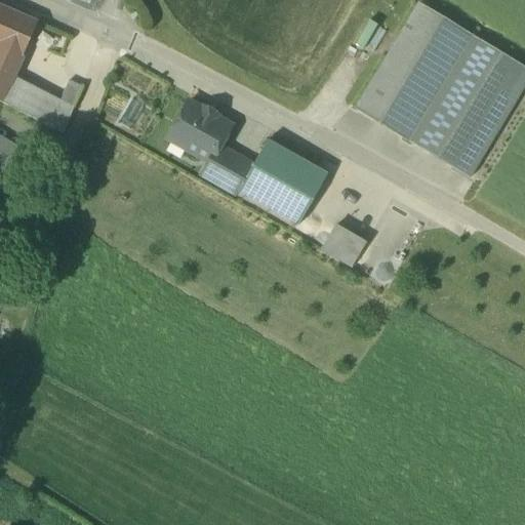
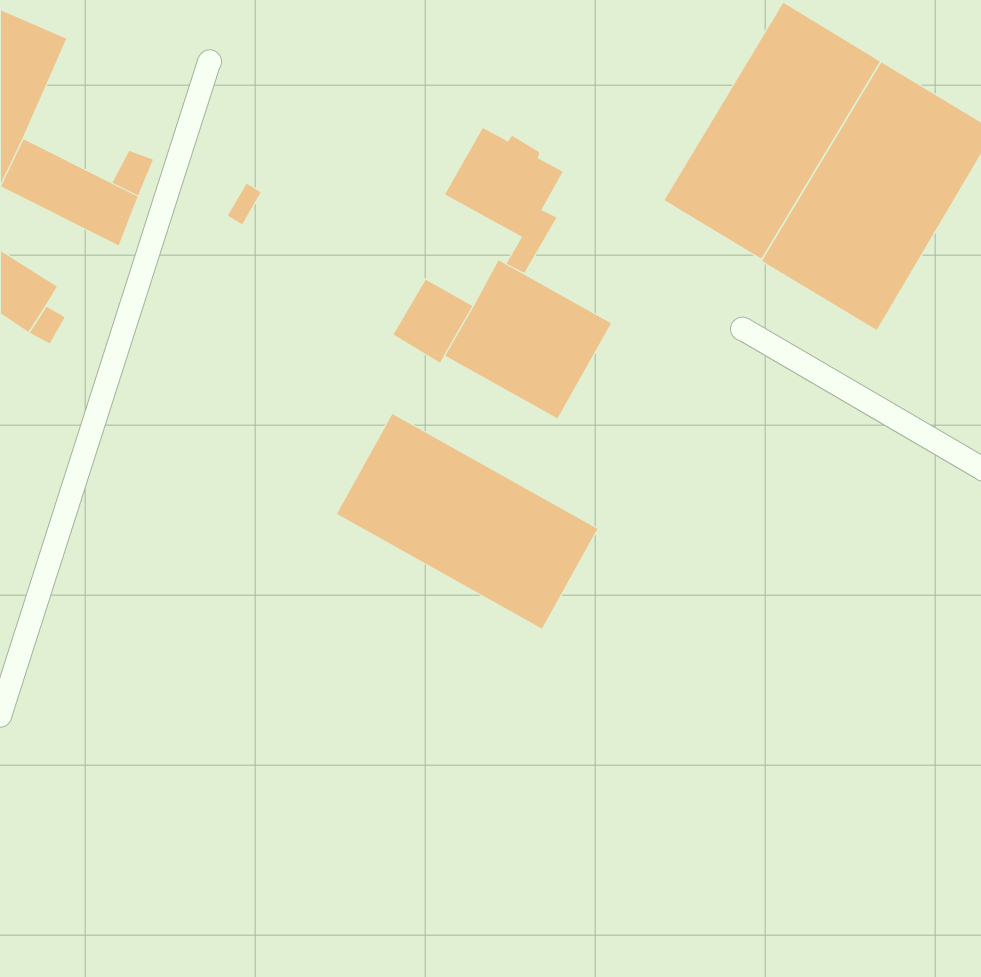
building: [167,100,231,178] -> [444,127,563,273]
building: none -> [336,413,598,630]
building: [321,225,365,266] -> none

